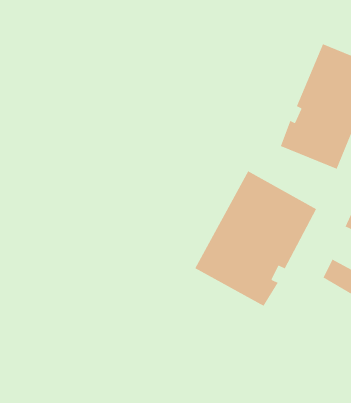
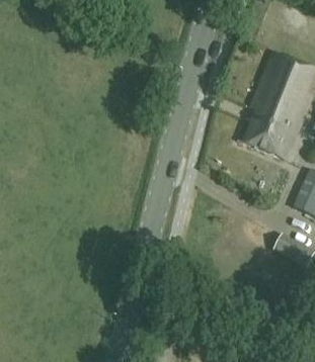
building: [194,170,317,307] -> none

